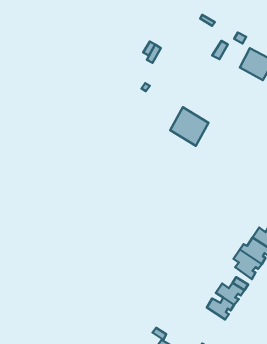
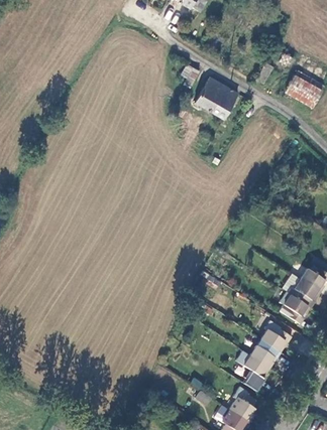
building: [170,107,209,146] -> [195,78,237,120]
building: none -> [243,355,269,385]

